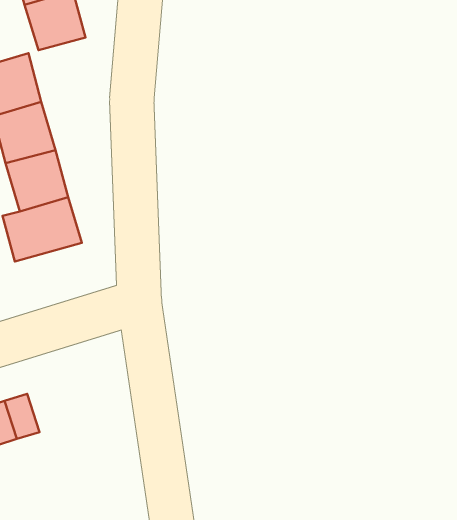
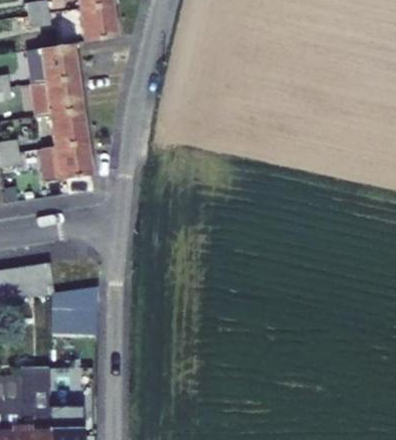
building: none -> [51,282,97,330]

